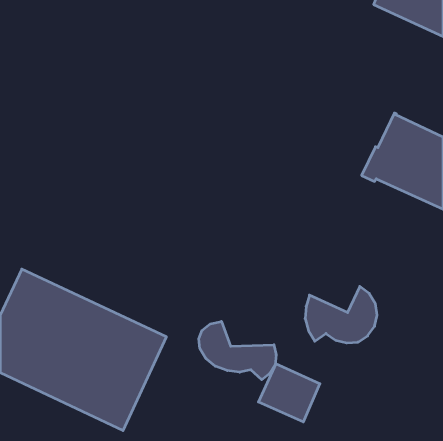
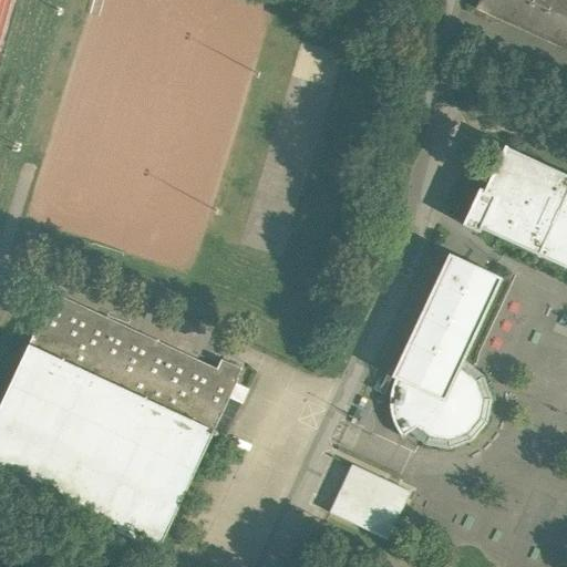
building: none -> [391,251,502,399]
building: none -> [28,291,239,430]
building: [199,321,276,380] -> none

